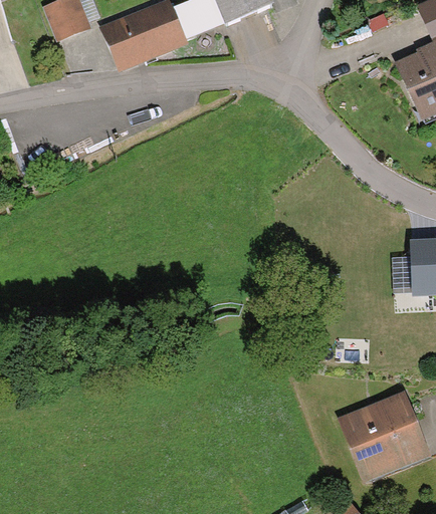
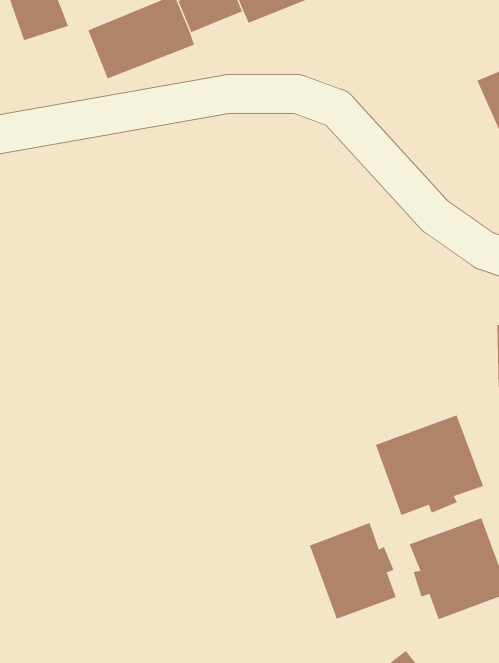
building: none -> [375,414,484,516]
building: none -> [309,522,397,620]

